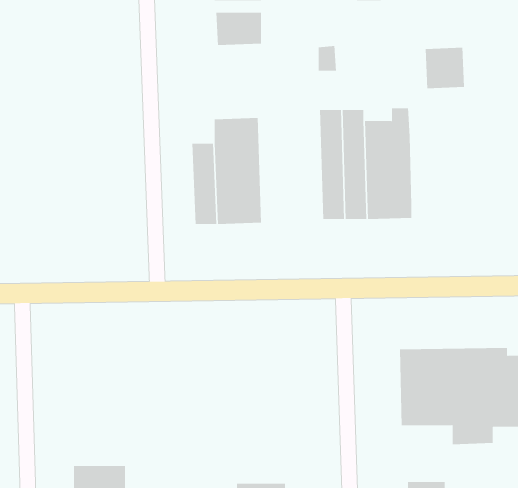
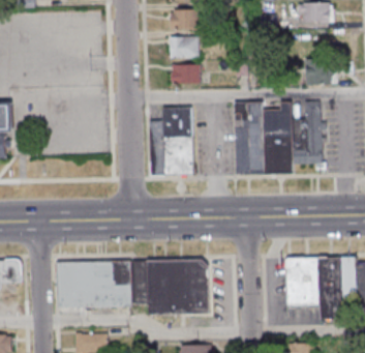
building: none -> [166,66,196,86]
building: none -> [292,100,325,169]
building: none -> [149,261,208,315]
building: none -> [60,263,134,308]

